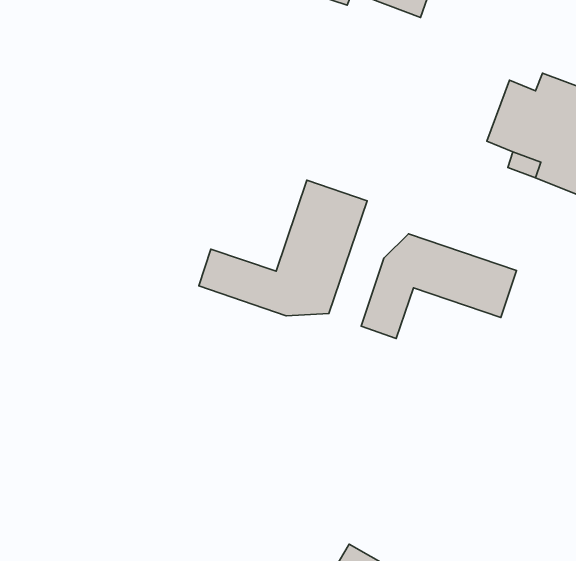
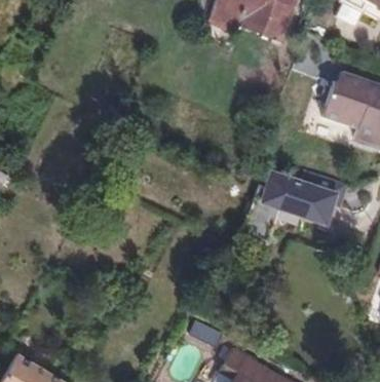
building: [199,180,367,316] -> none

